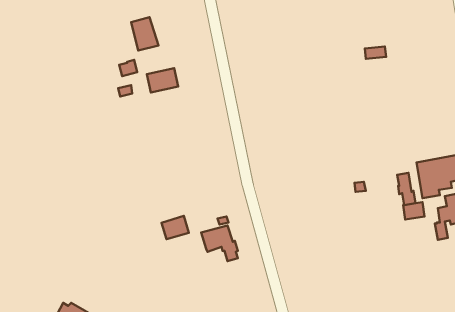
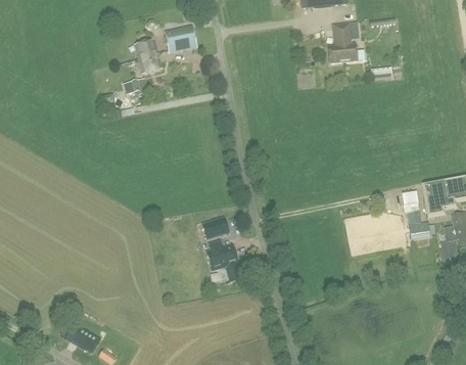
building: none -> [328,24,359,63]
building: [147,68,178,92] -> [166,29,197,53]
building: [161,216,189,239] -> [202,217,230,240]

